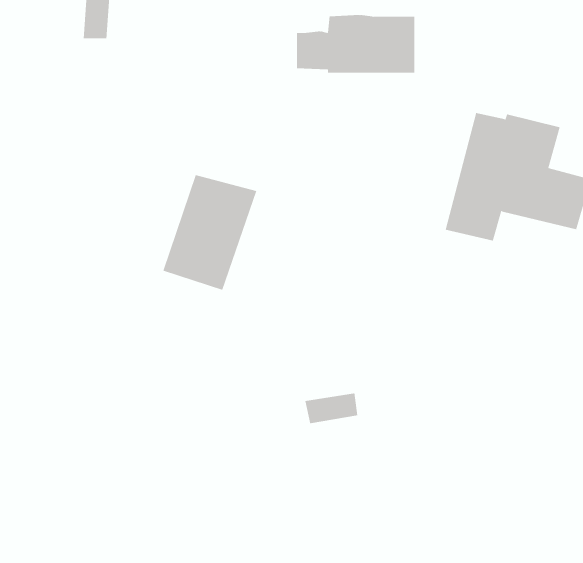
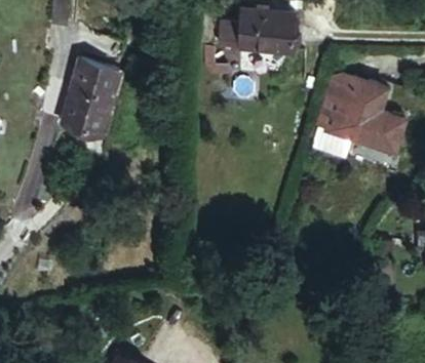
building: [163,175,257,290] -> [63,59,122,132]

